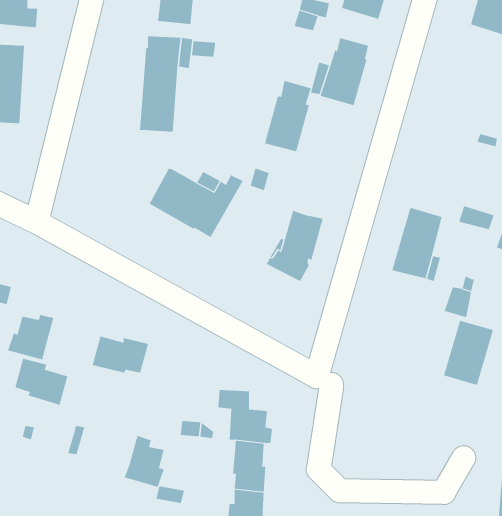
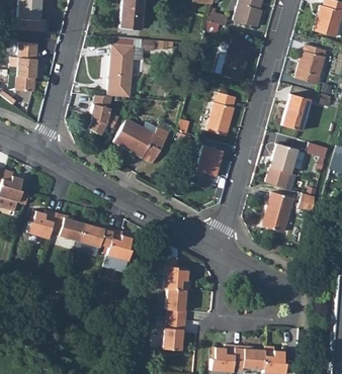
building: none -> [295,44,326,85]
building: [264,80,312,152] -> [206,92,236,136]
building: none -> [281,94,310,131]
building: none -> [89,95,119,134]
building: [443,320,494,385] -> [262,192,293,232]
building: [14,358,68,405] -> [51,212,84,242]
building: [124,435,165,487] -> [106,228,132,261]

